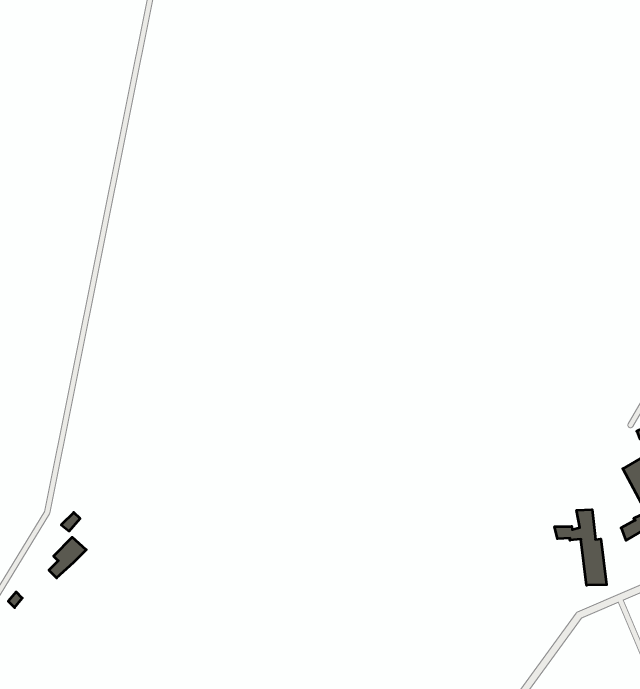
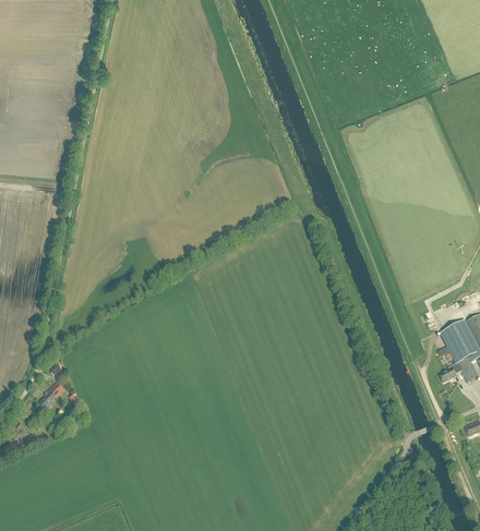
building: [555,510,607,585] -> none

